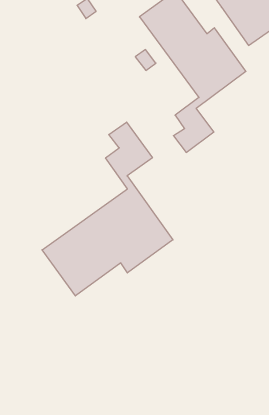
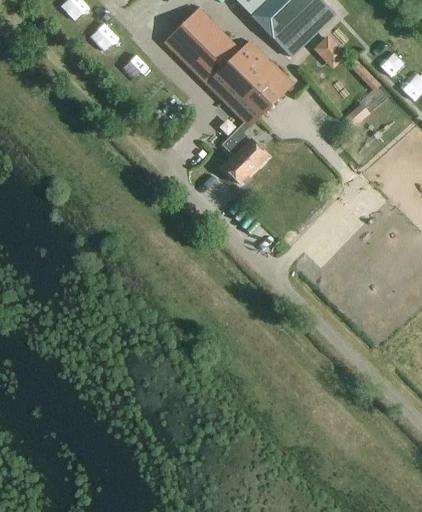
building: [42,122,173,296] -> none

